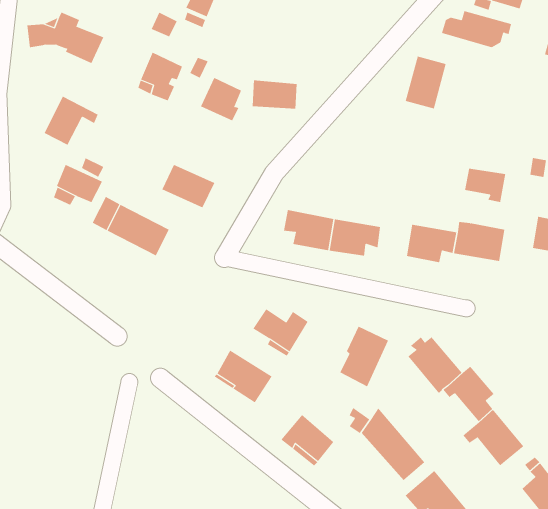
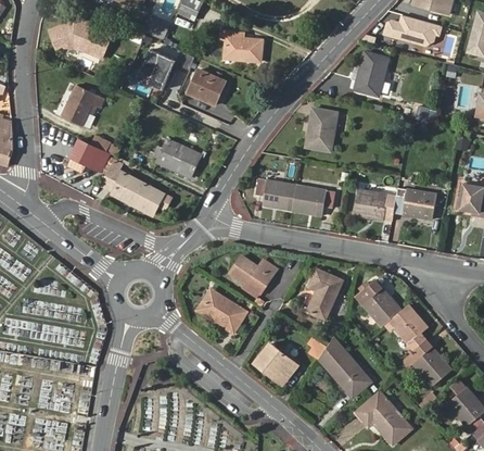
building: [252,80,297,109] -> [226,37,263,61]
building: none -> [307,109,337,150]
building: [464,168,506,203] -> none

